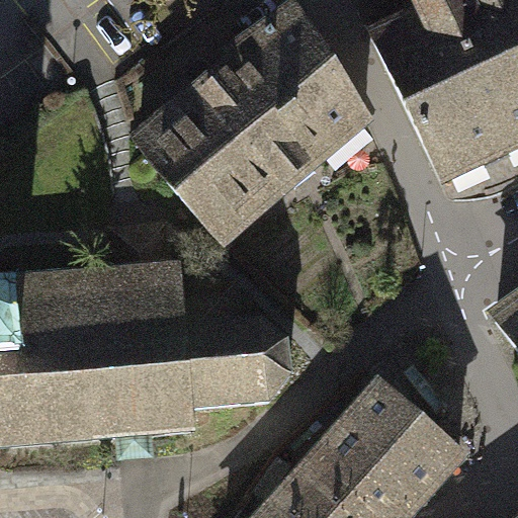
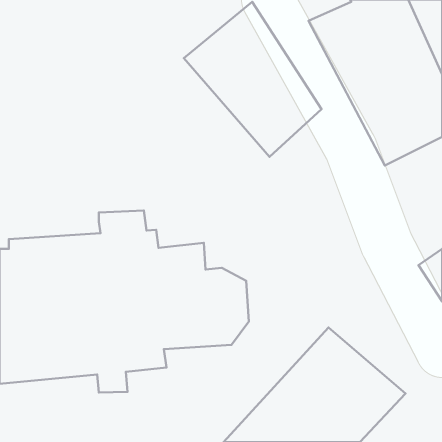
building: [130,68,315,250] -> none

